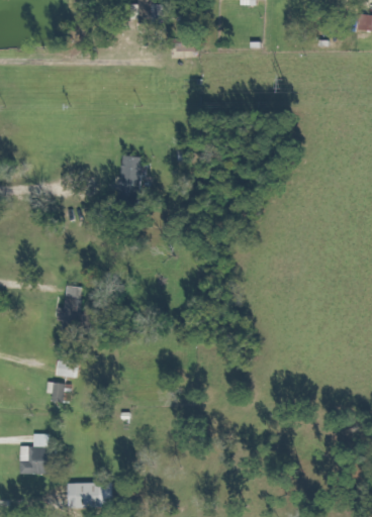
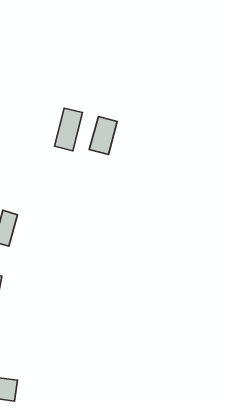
building: none -> [89,117,117,154]

